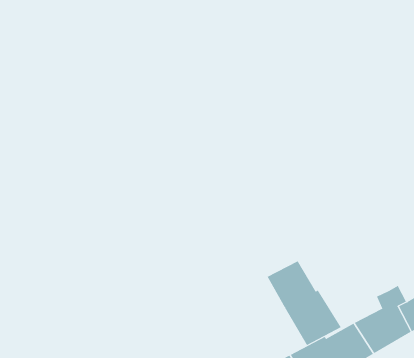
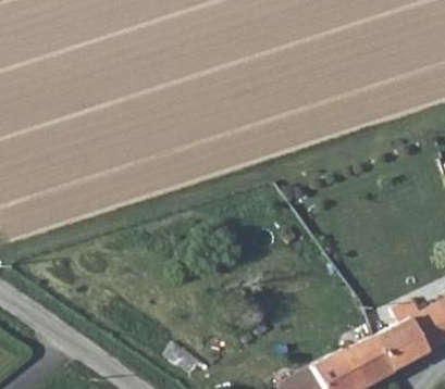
building: [267,261,341,346] -> none

